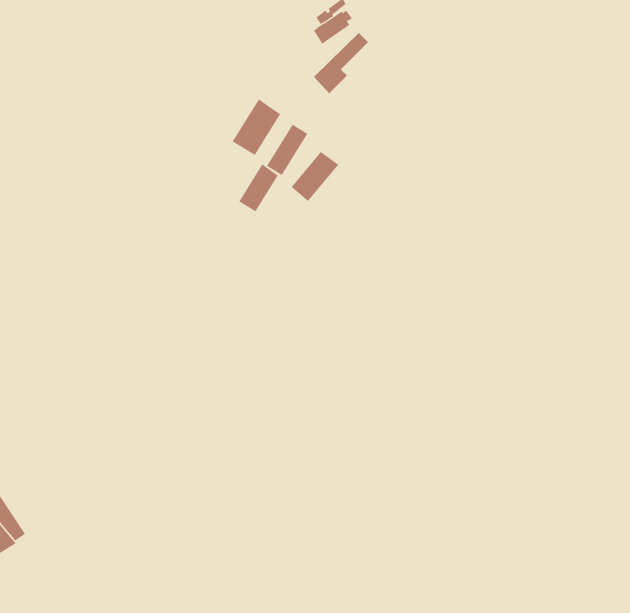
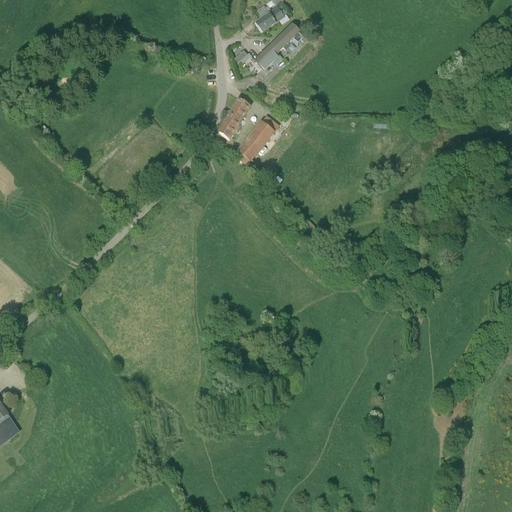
building: [232,98,281,156] -> none
building: [238,164,278,212] -> none

